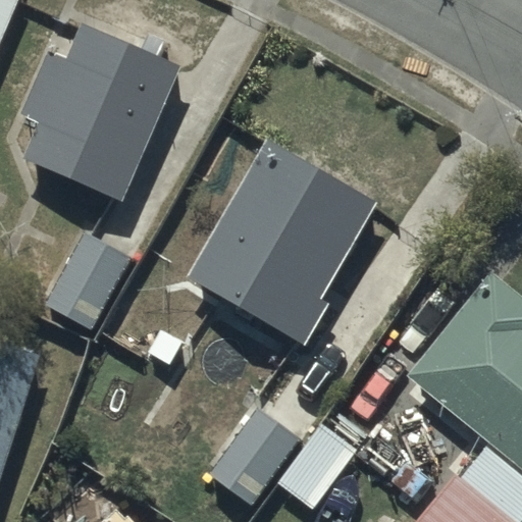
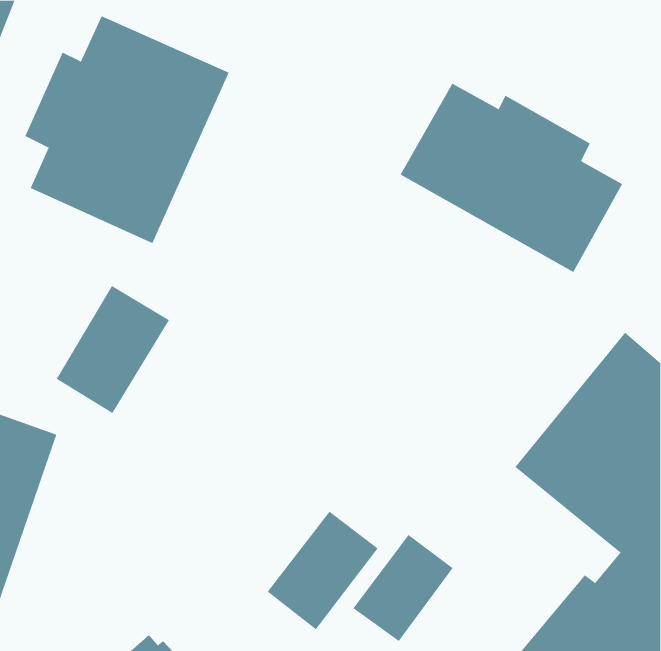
building: none -> [400,83,623,273]
building: [189,138,377,344] -> none

